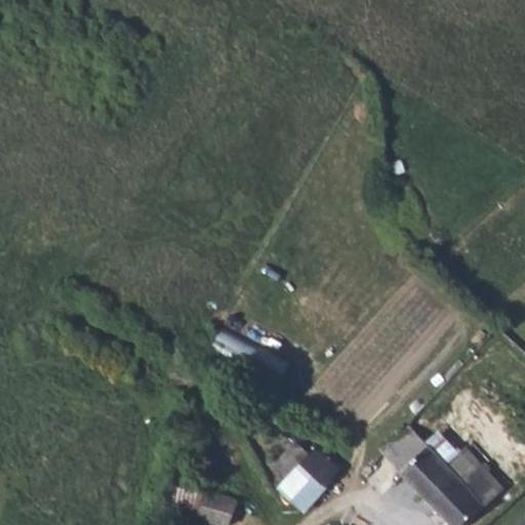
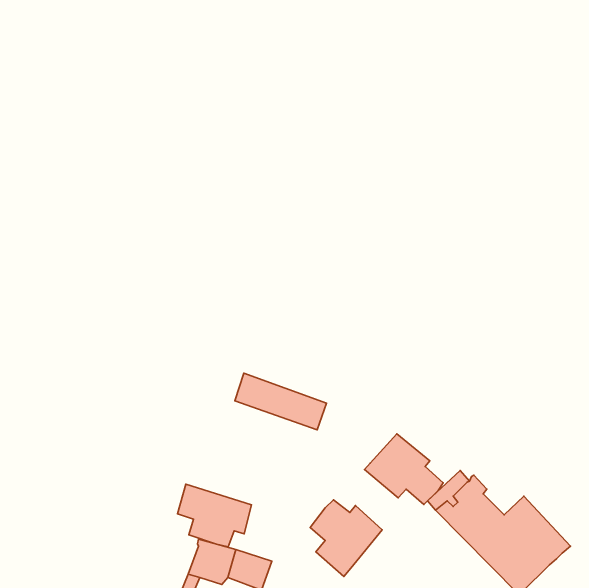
building: none -> [365,434,443,504]
building: none -> [177,484,251,547]

